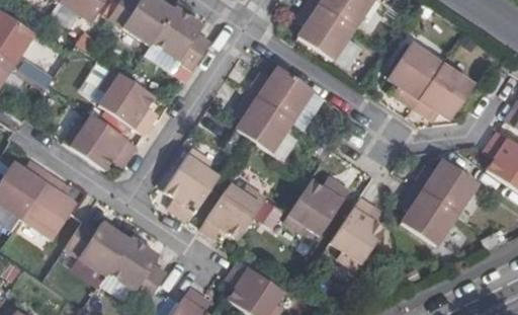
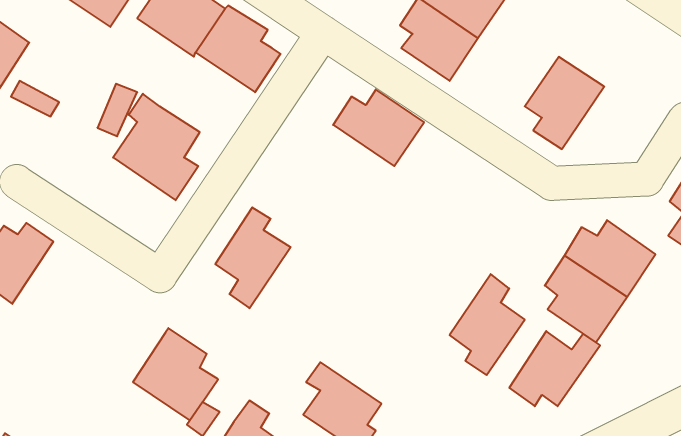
building: [413,64,478,123] -> none
building: [236,91,293,153] -> none
building: [64,114,138,171] -> none
building: [21,174,77,240] -> none
building: [285,179,350,233] -> [509,331,600,406]
building: [200,184,265,239] -> none
building: [66,221,131,275] -> none

